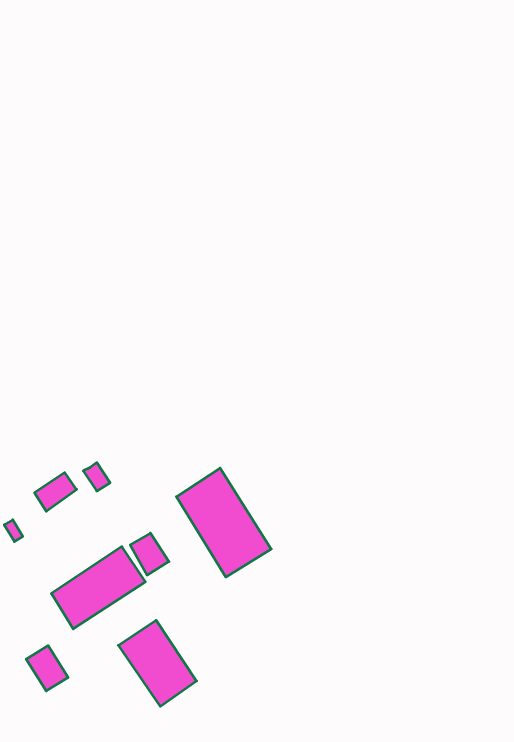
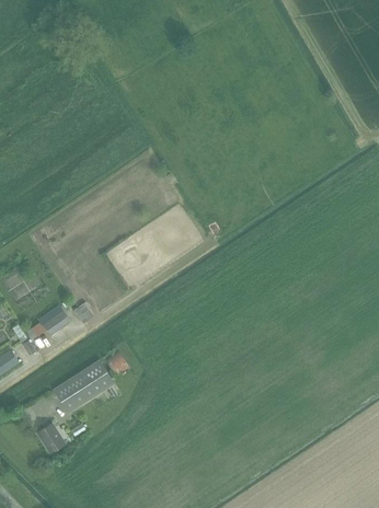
building: [176,468,271,577] -> none
building: [118,620,197,706] -> none

